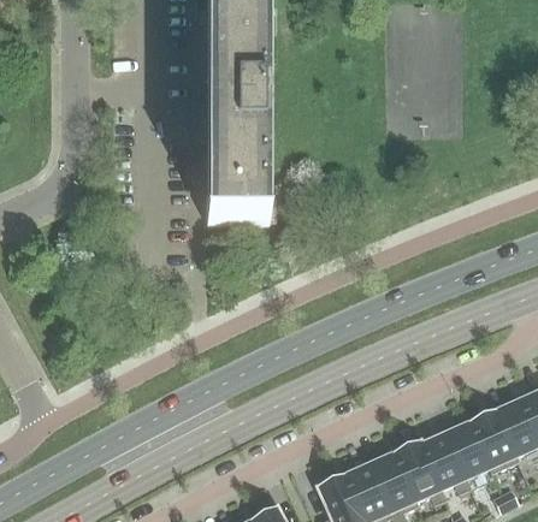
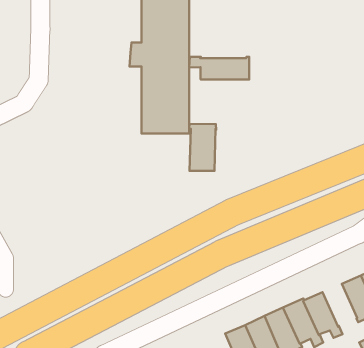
building: none -> [189,57,249,79]
building: none -> [189,124,216,171]
building: [447,419,492,475] -> none

